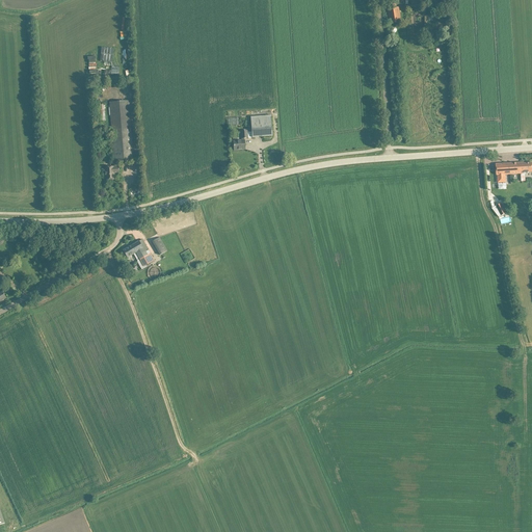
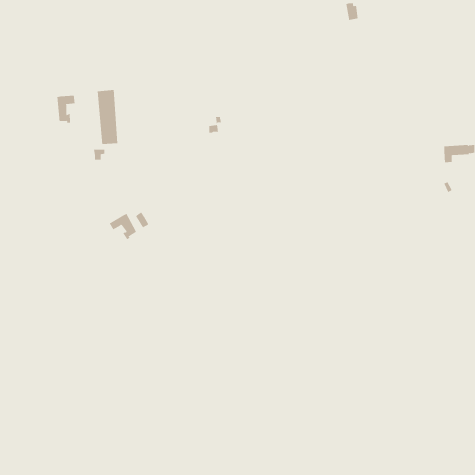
building: none -> [57,95,75,124]
building: [249,114,272,137] -> none

